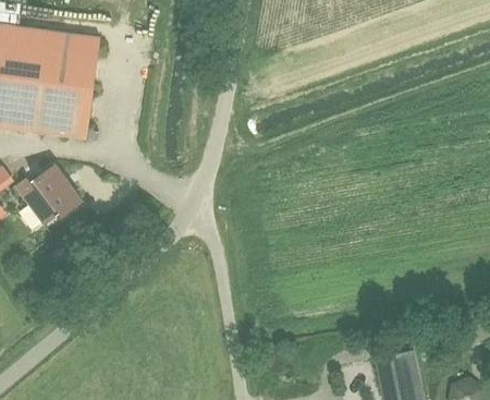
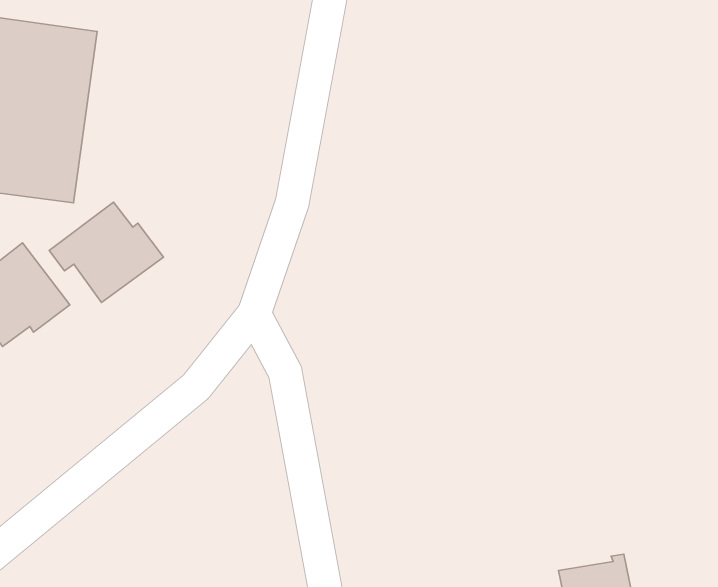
building: none -> [49,202,163,302]

